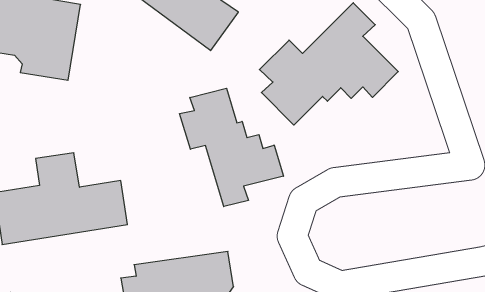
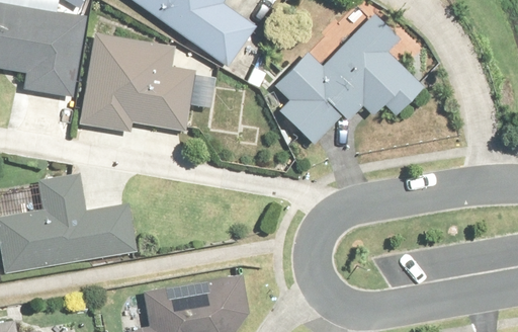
building: none -> [81,34,213,131]
building: [180,88,283,207] -> none

